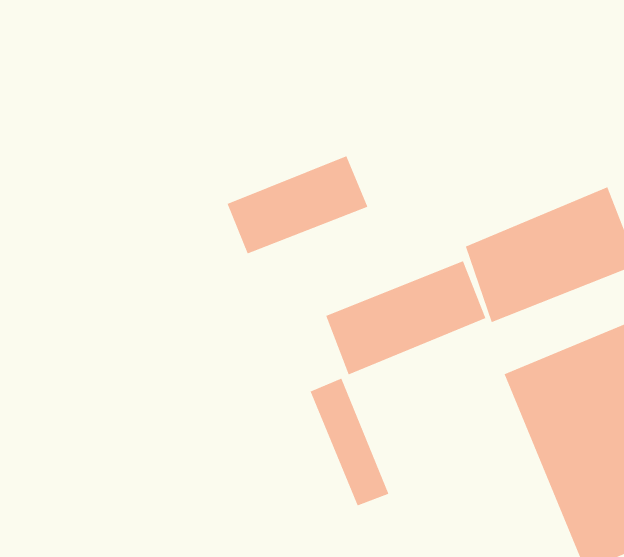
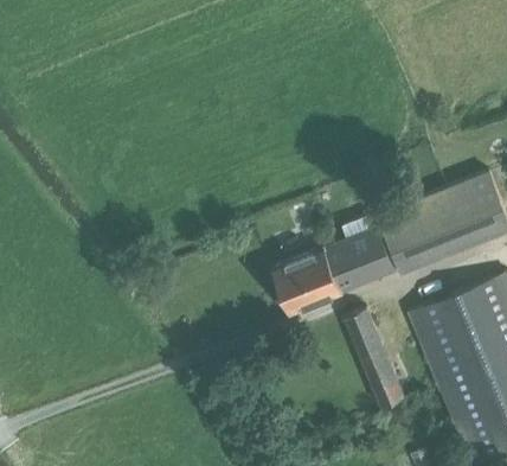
building: [226,155,369,254] -> none
building: [310,377,390,507] -> [344,308,405,408]

